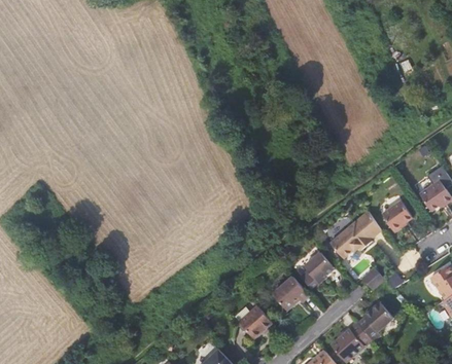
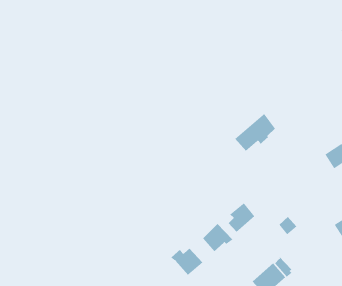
building: [382,199,413,229] -> none
building: [332,211,381,257] -> [235,113,276,152]
building: [364,302,392,330] -> none

